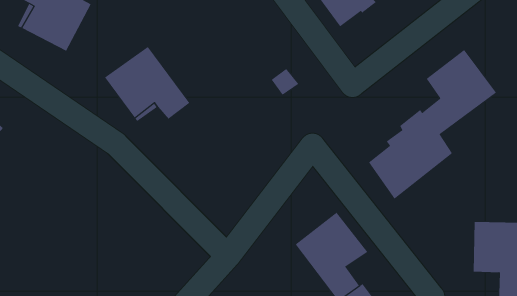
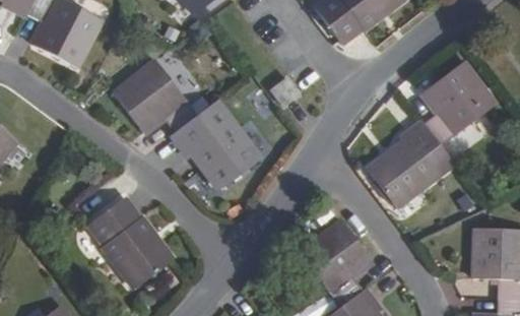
building: none -> [174,102,260,185]
building: none -> [89,196,175,287]

